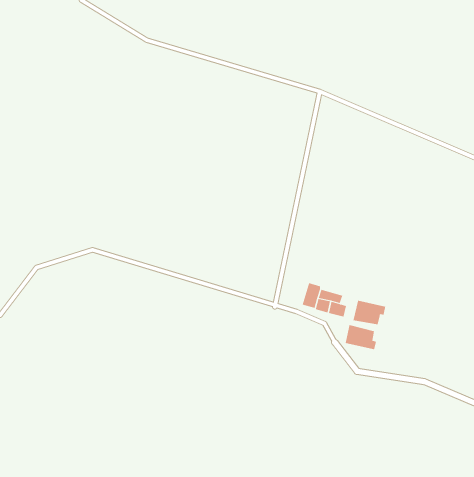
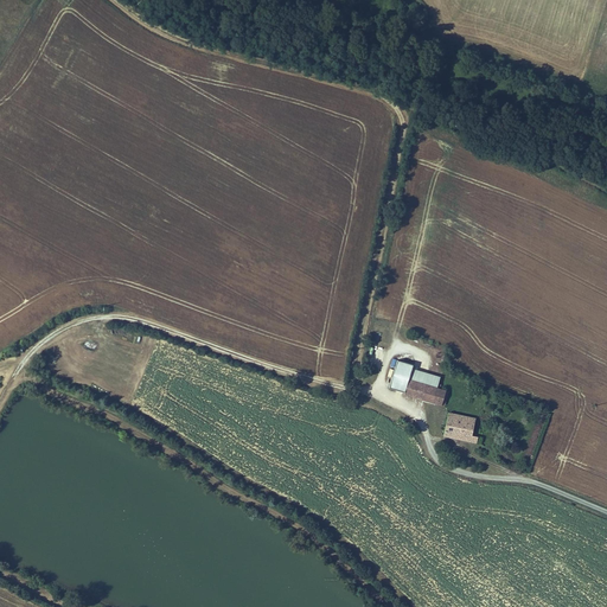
building: [353,300,386,325] -> none

